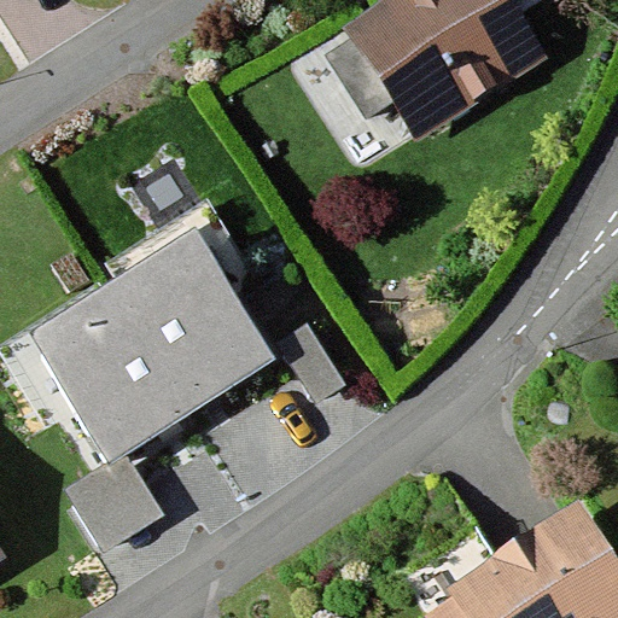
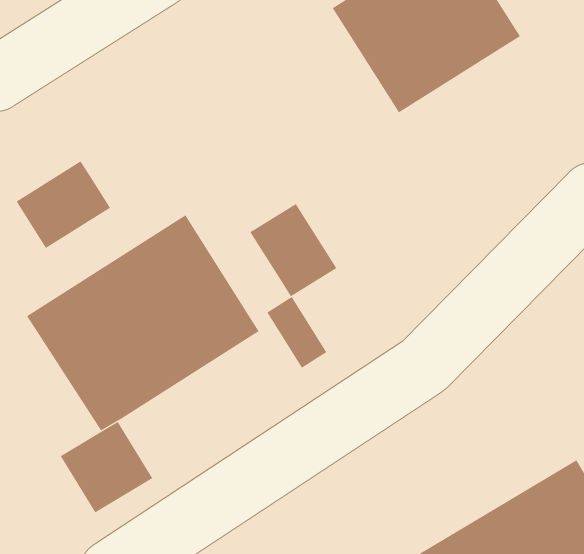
building: none -> [16,160,111,249]
building: none -> [249,203,337,297]

